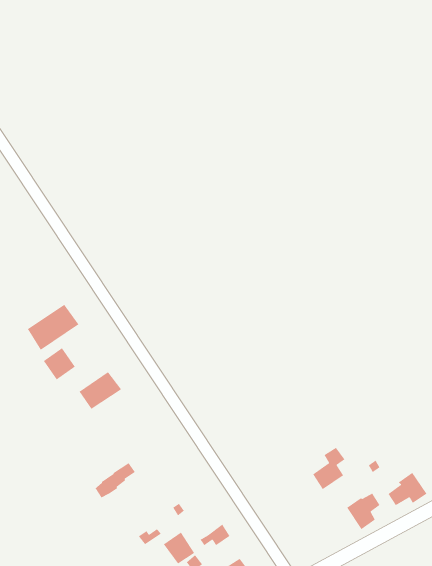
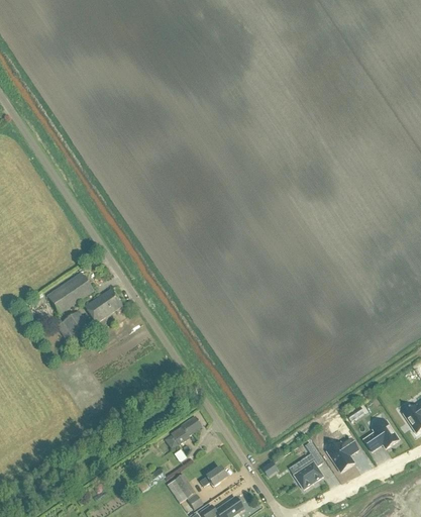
building: [79,371,122,410] -> [84,288,122,322]
building: [312,447,345,490] -> [295,450,324,489]
building: [94,462,136,499] -> [165,415,201,447]

